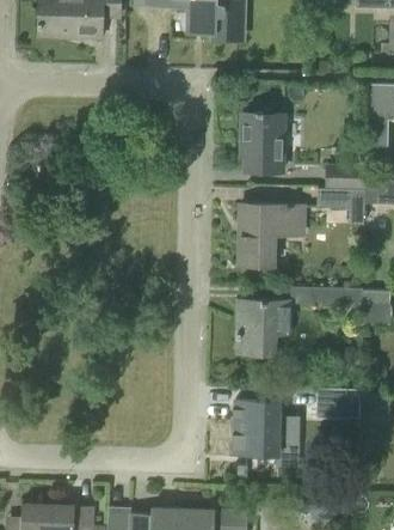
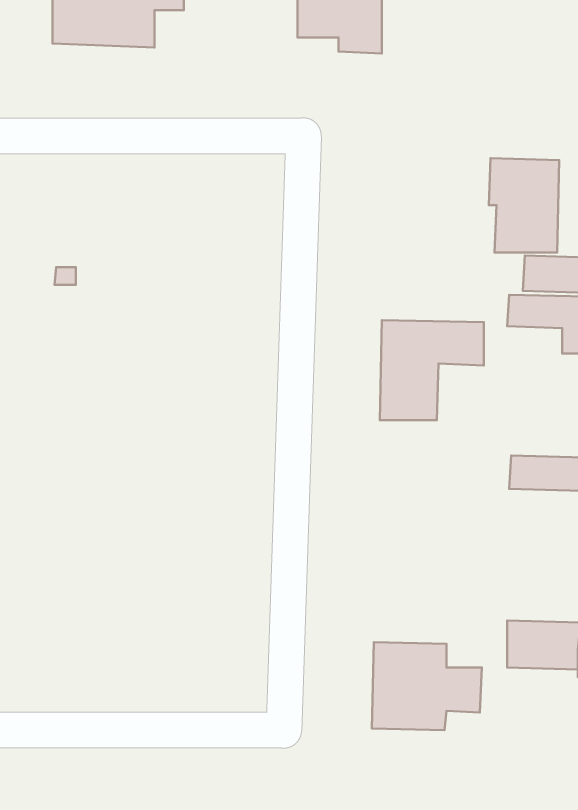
building: [241,112,284,170] -> [489,158,559,252]
building: [236,299,291,352] -> none

